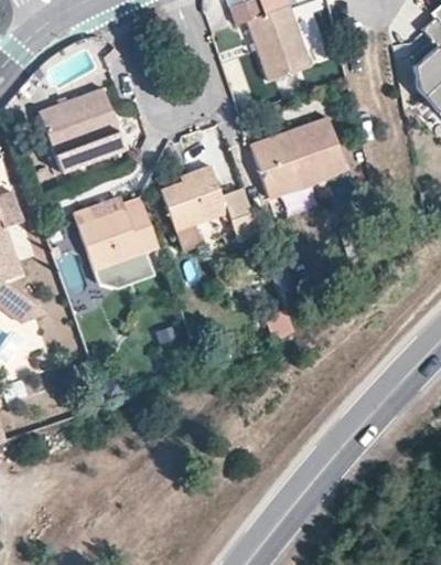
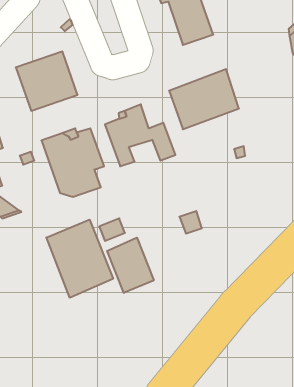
building: none -> [46,220,113,298]
building: none -> [107,238,154,293]

